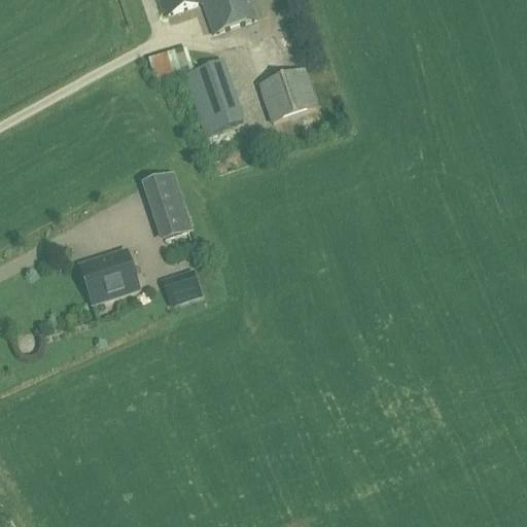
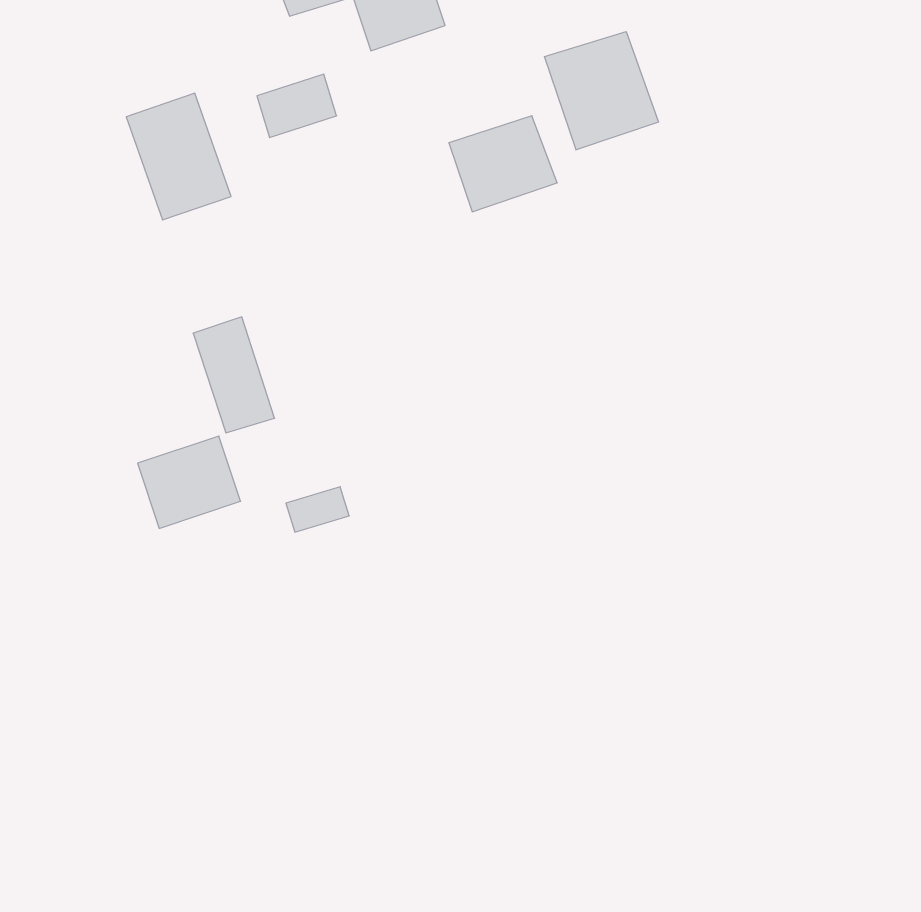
building: none -> [544,32,658,150]
building: [182,58,242,130] -> [126,93,231,220]
building: [144,170,190,236] -> [193,317,275,433]

